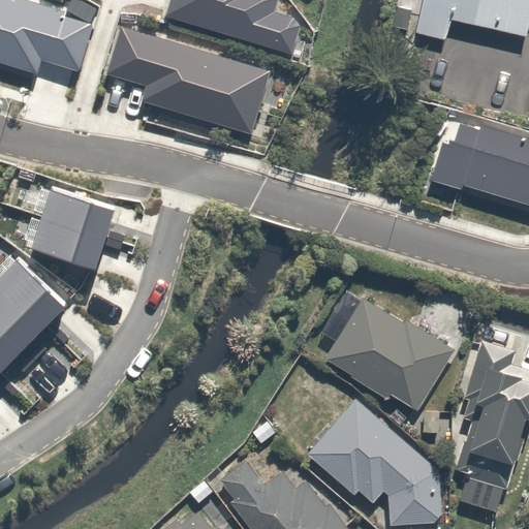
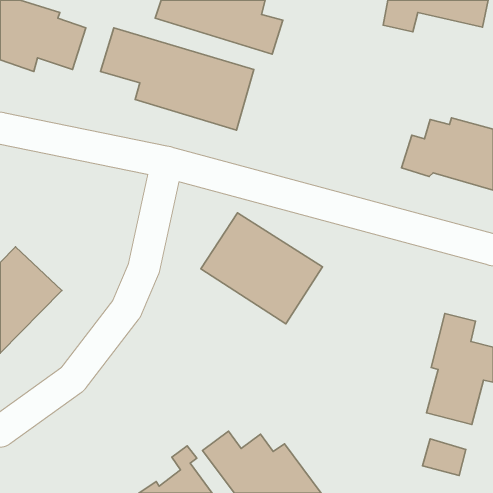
building: [25,190,121,272] -> none
building: [317,288,447,407] -> [201,213,323,324]
building: [302,393,435,519] -> none

